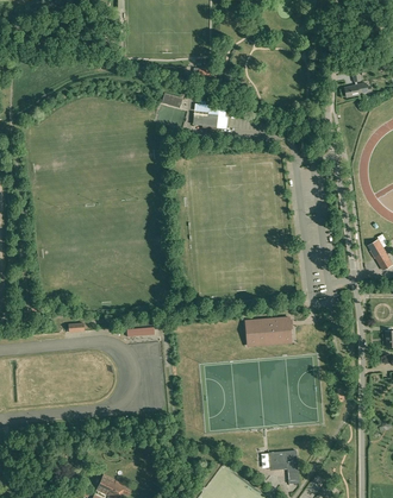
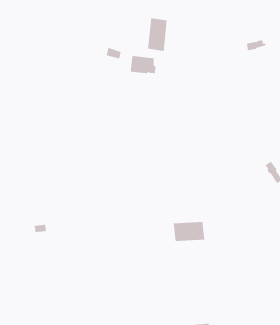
building: none -> [148,17,167,52]

